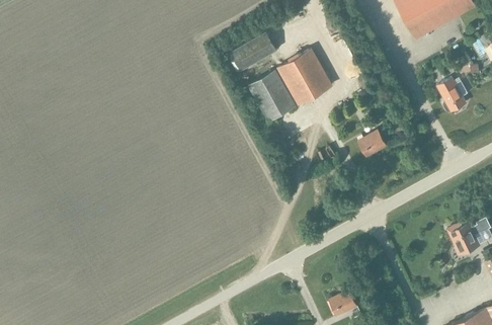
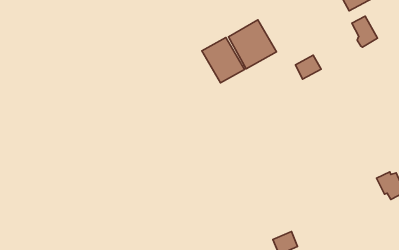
building: [231,31,277,71] -> none
building: [436,78,466,113] -> [352,16,378,47]
building: [357,131,387,158] -> [295,55,321,79]

